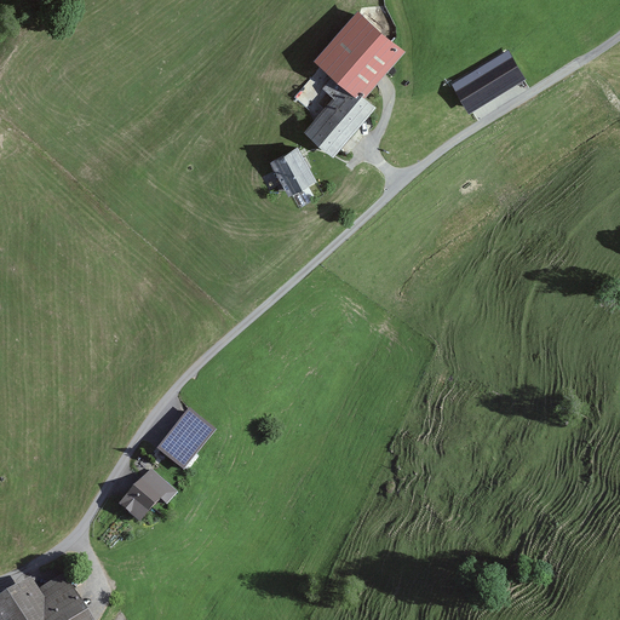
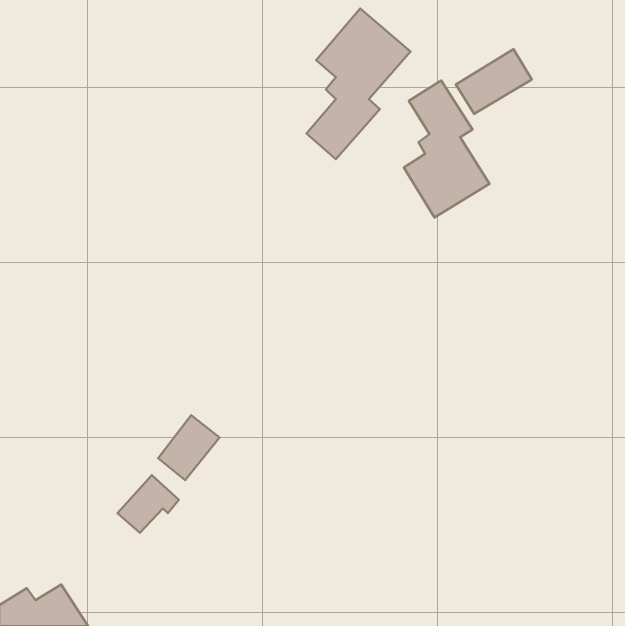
building: none -> [404,81,490,217]
building: [269,147,315,196] -> none

